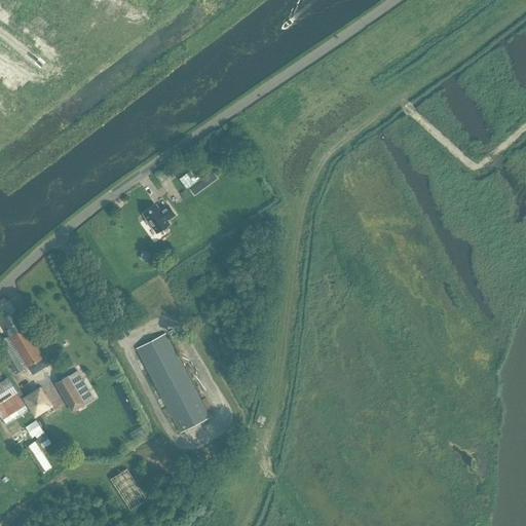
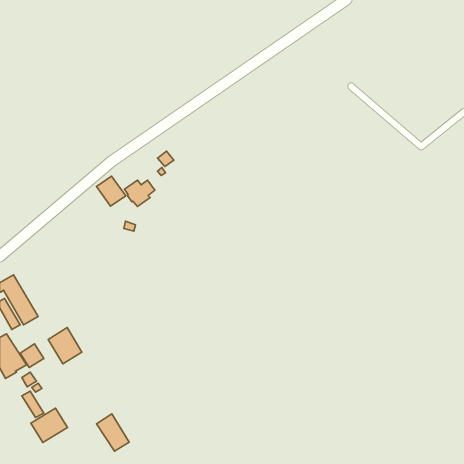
building: none -> [96,176,126,206]
building: [135,333,208,433] -> none
building: none -> [31,408,67,443]

